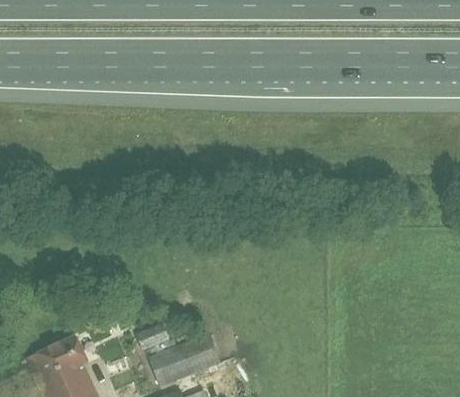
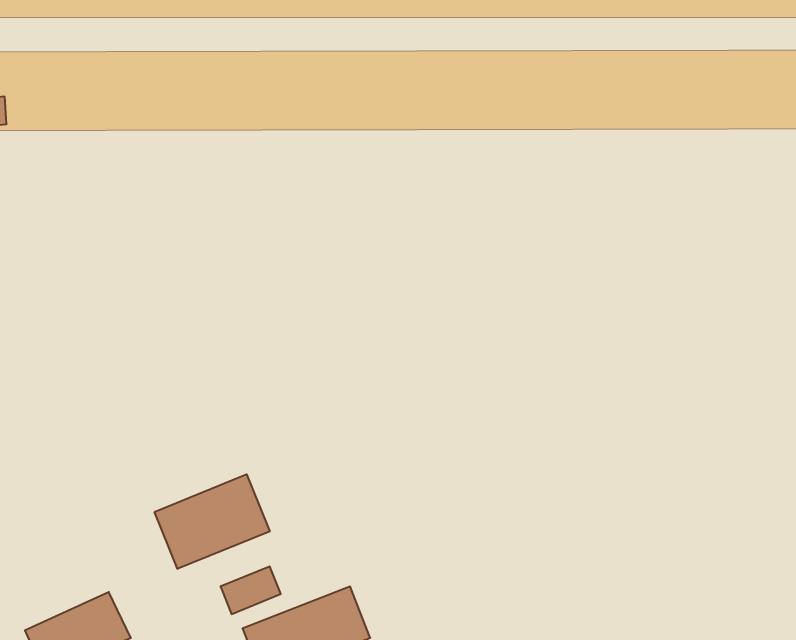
building: none -> [155,474,270,569]

